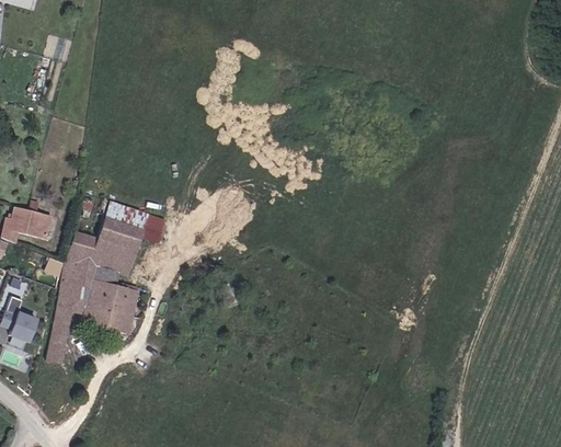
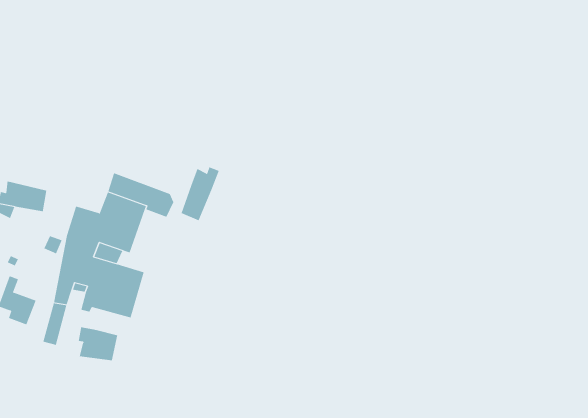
building: none -> [181,167,220,221]
building: none -> [78,327,118,361]

